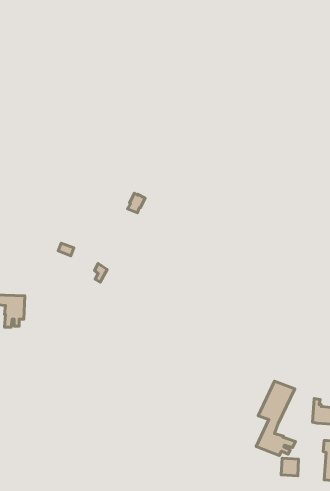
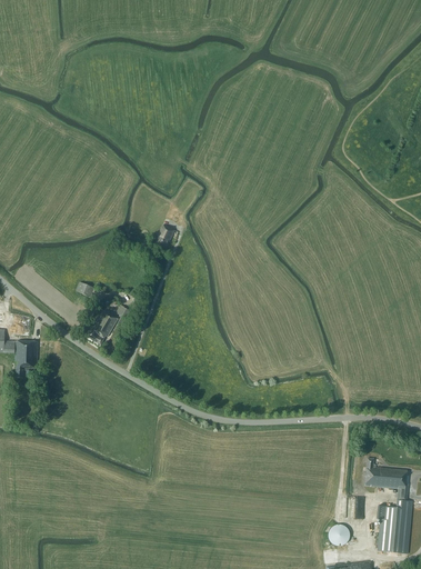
building: none -> [90,310,118,345]
building: [256,381,296,456] -> none

